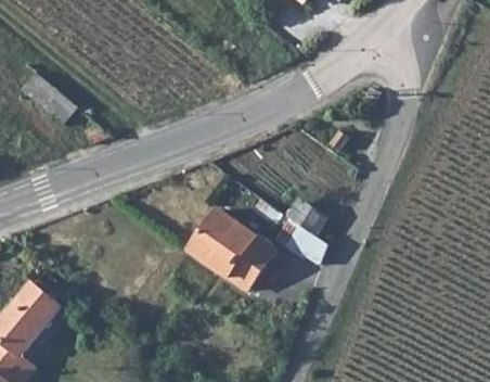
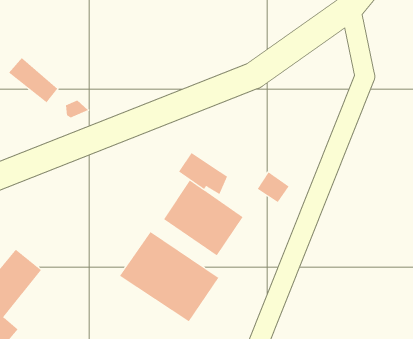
building: [274,218,327,264] -> [178,152,228,195]
building: none -> [119,231,219,322]

